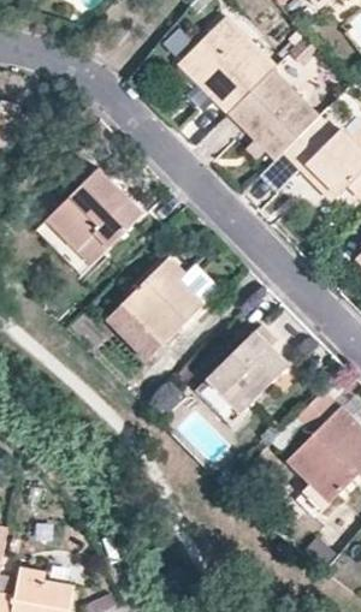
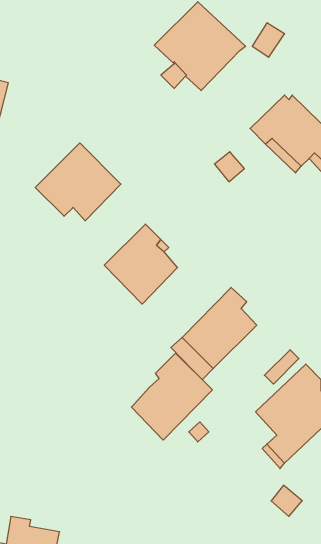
building: [227,67,318,158] -> none
building: [35,215,106,277] -> none
building: [106,299,164,358] -> none
building: none -> [131,353,212,440]

